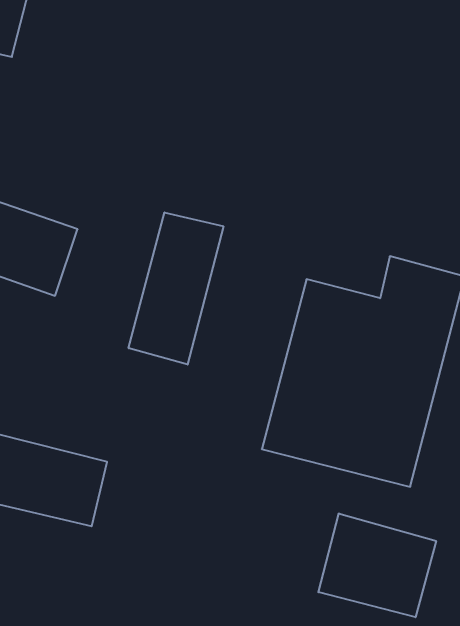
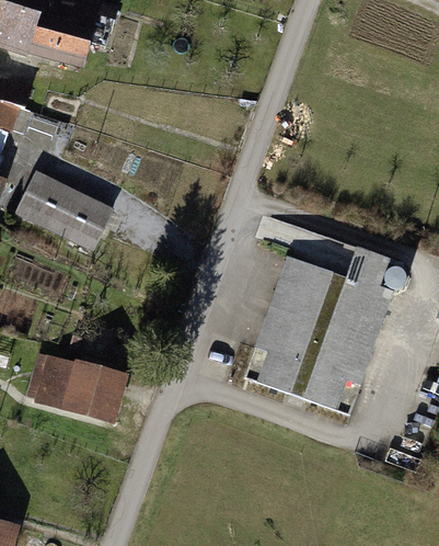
building: [129,212,223,365] -> none
building: [318,513,436,617] -> none

